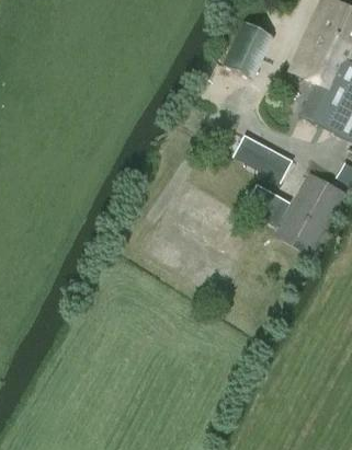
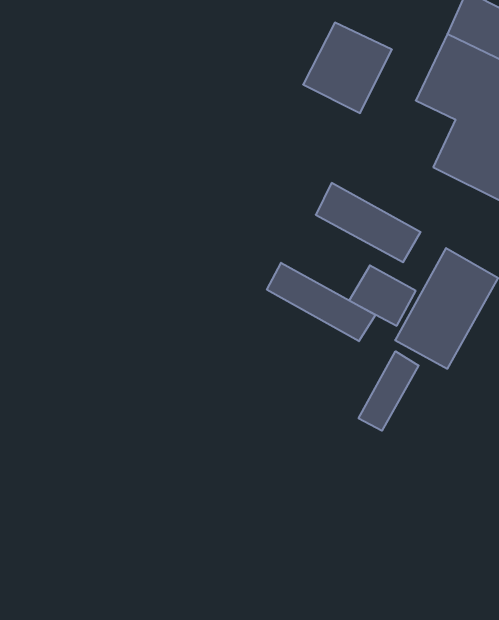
building: none -> [267,263,375,341]
building: none -> [359,351,419,431]

